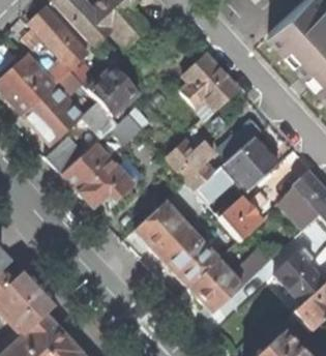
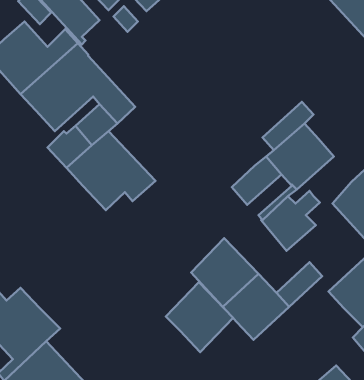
building: [180,55,237,111] -> none
building: [88,65,138,115] -> none
building: [166,139,216,189] -> none
building: [134,202,188,259] -> [166,282,233,352]

